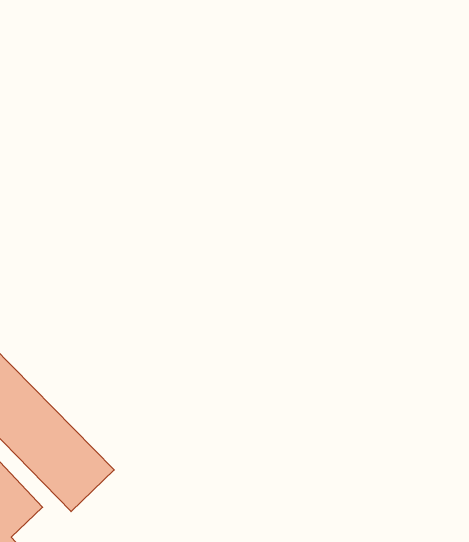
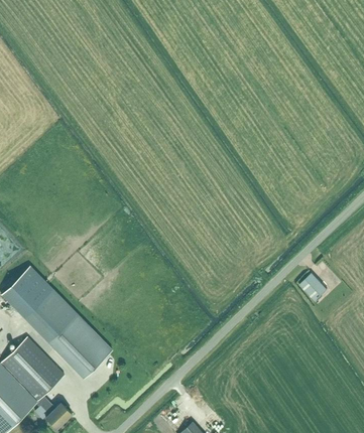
building: none -> [299,274,328,302]

